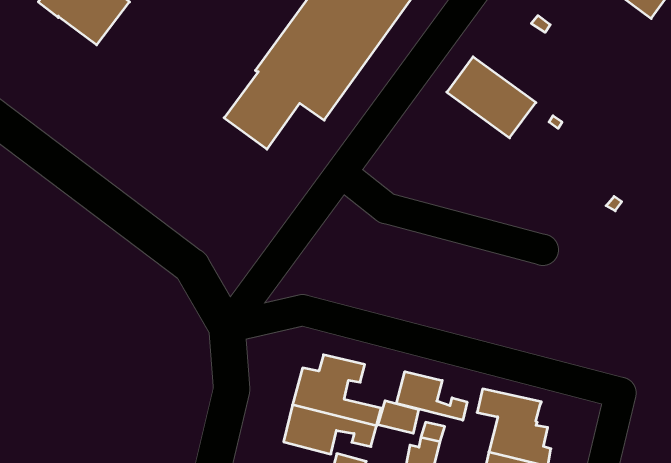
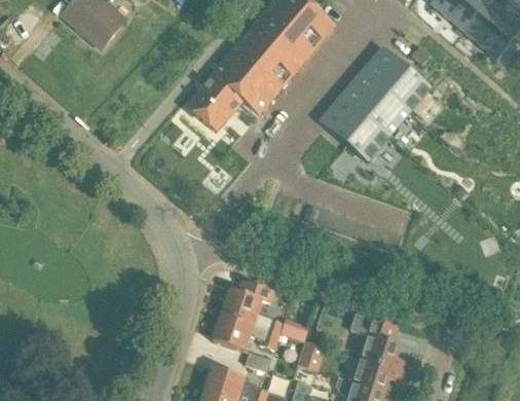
building: none -> [367,51,431,113]
building: none -> [325,101,388,162]
building: [396,372,467,420] -> none

